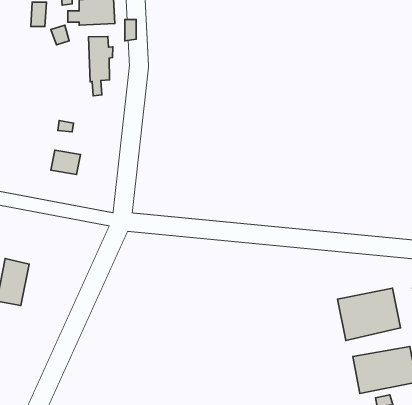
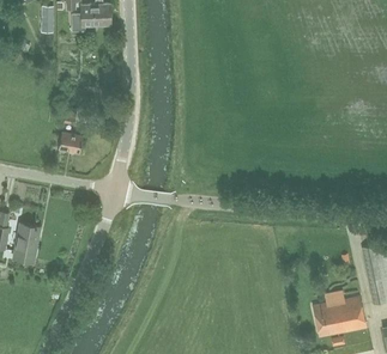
building: [88,36,113,96] -> none
building: [337,288,401,340] -> none

